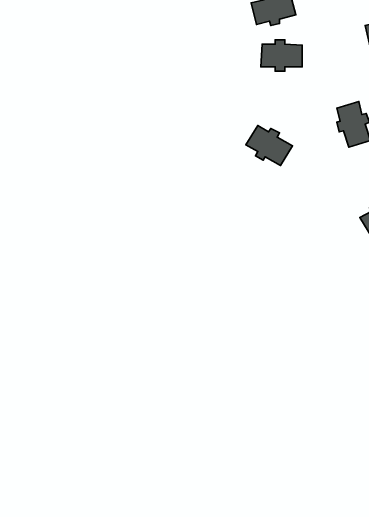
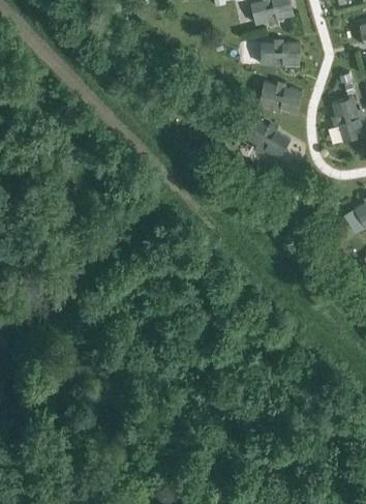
building: none -> [258,82,301,113]

